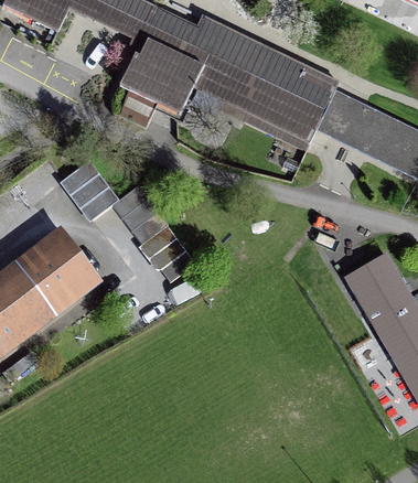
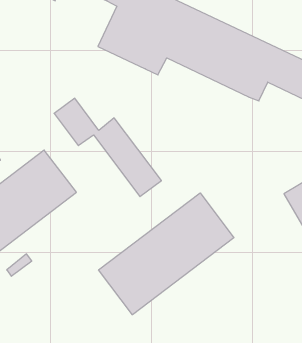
building: none -> [99,193,234,315]

